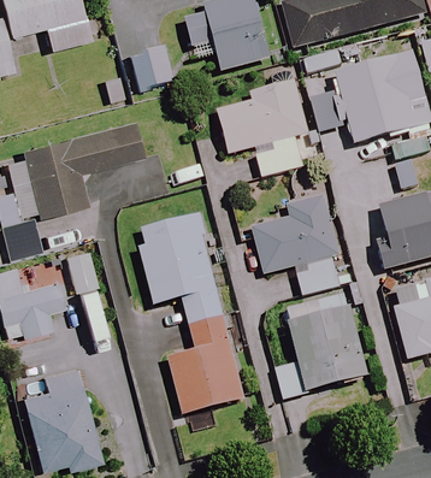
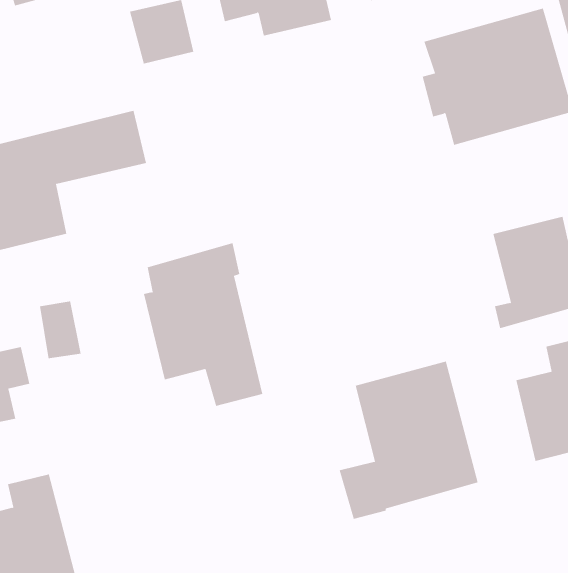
building: [217,69,309,177] -> none
building: [253,195,340,296] -> none
building: [167,314,243,413] -> none

